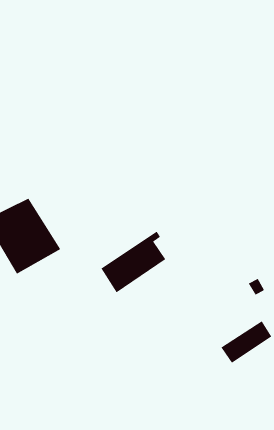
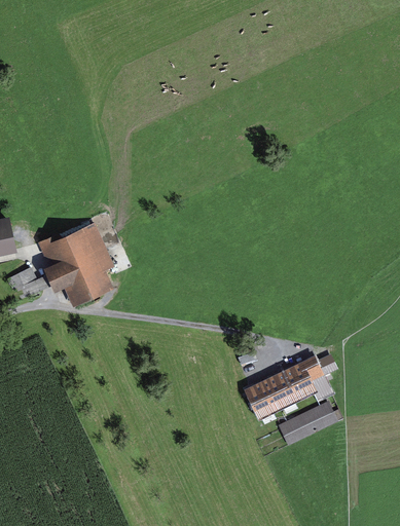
building: [100,231,166,293] -> [247,355,321,417]

